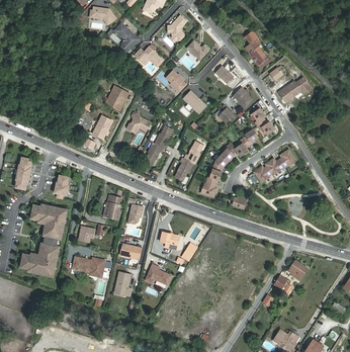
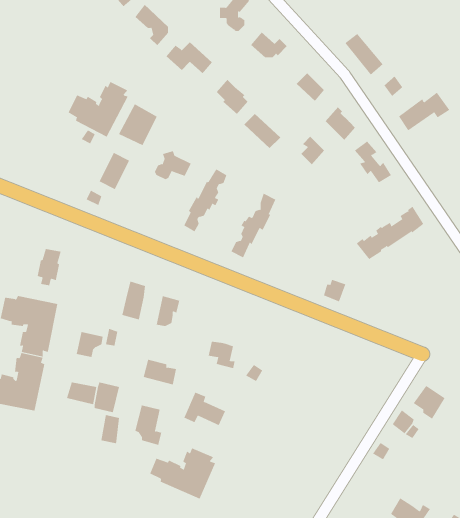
building: none -> [68,81,128,138]
building: [200,129,258,196] -> none
building: none -> [150,447,216,500]

